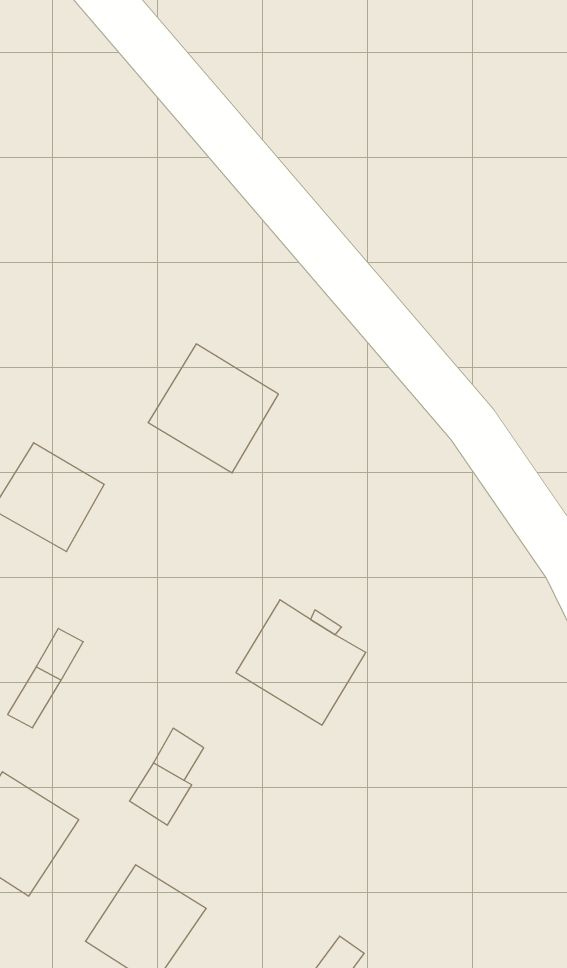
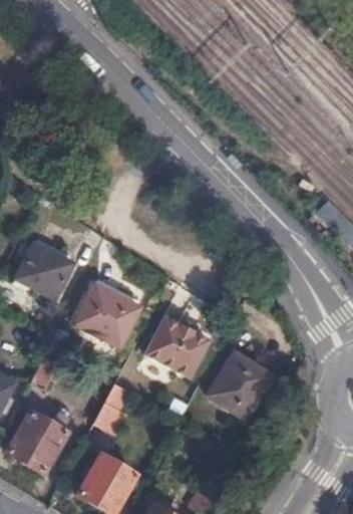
building: [148,344,278,473] -> [74,282,139,346]
building: none -> [209,353,270,417]

